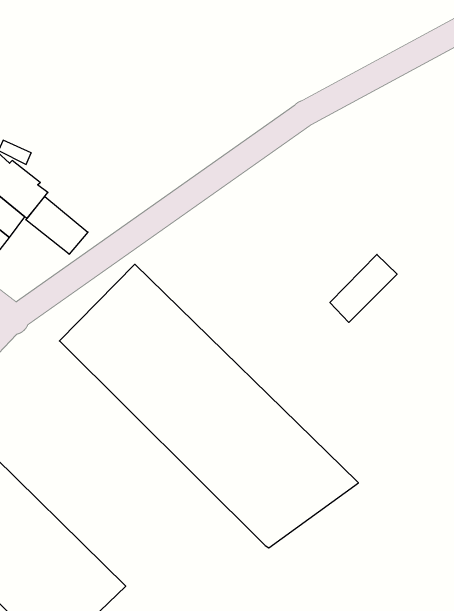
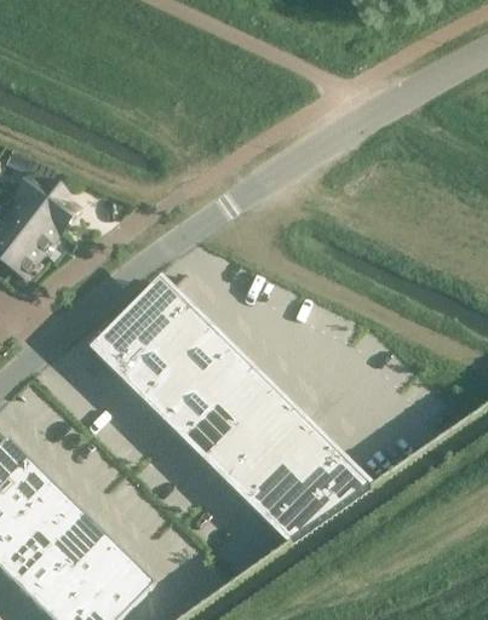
building: [26,196,88,254] -> none
building: [330,254,397,322] -> none

